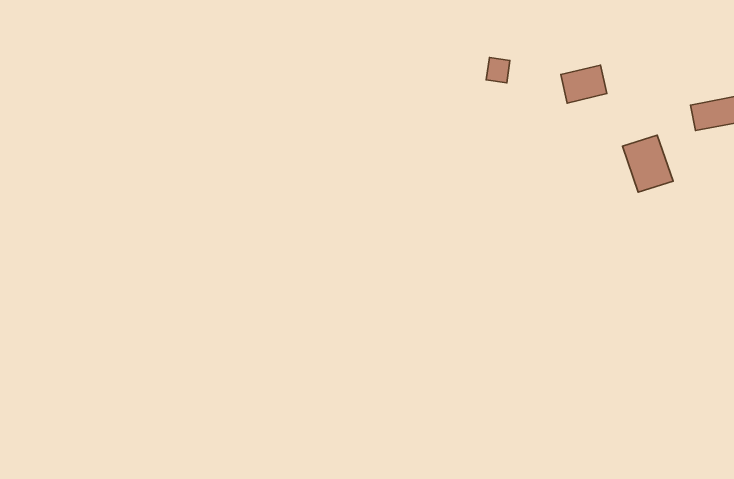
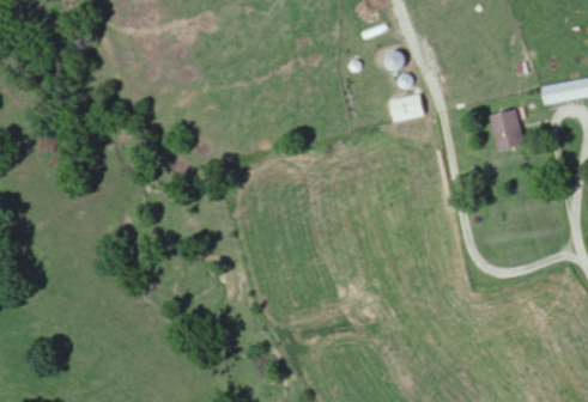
building: [561,65,607,103] -> [389,93,424,122]

